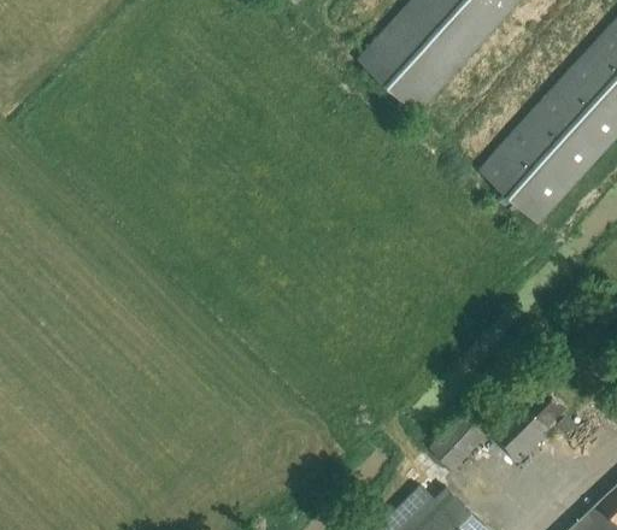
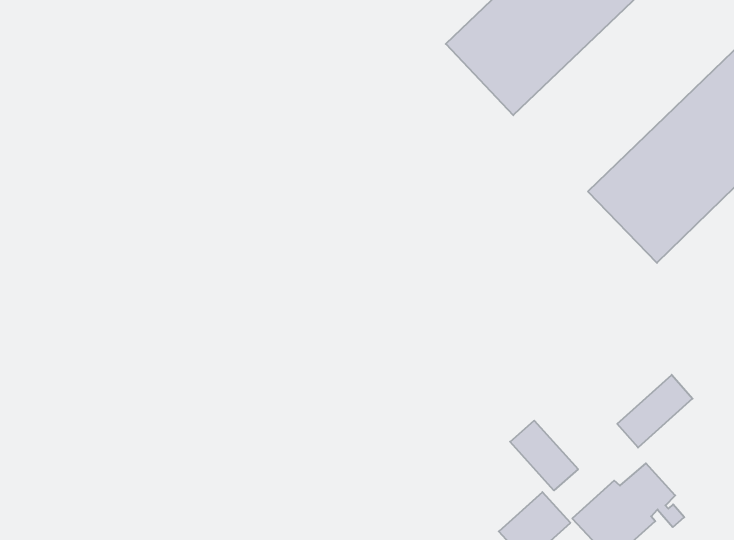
building: none -> [617,375,693,448]
building: none -> [510,421,578,490]

